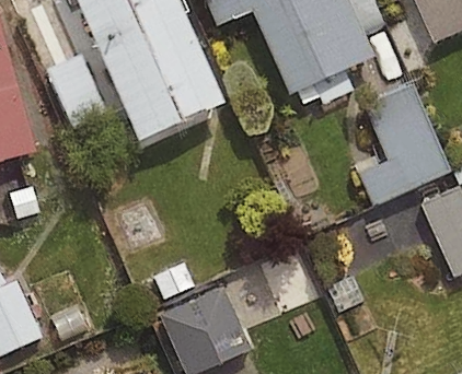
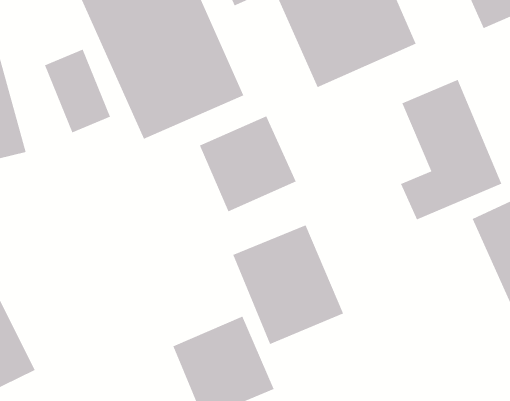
building: none -> [199,115,297,212]
building: none -> [233,224,344,345]

